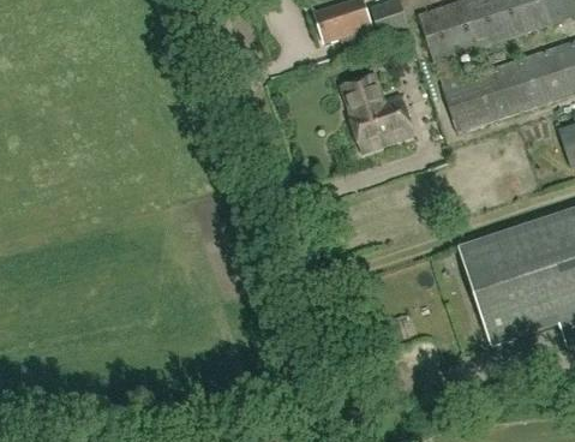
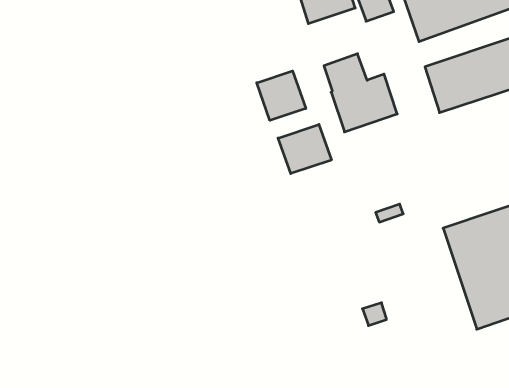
building: none -> [257,71,306,120]
building: none -> [278,124,331,174]

